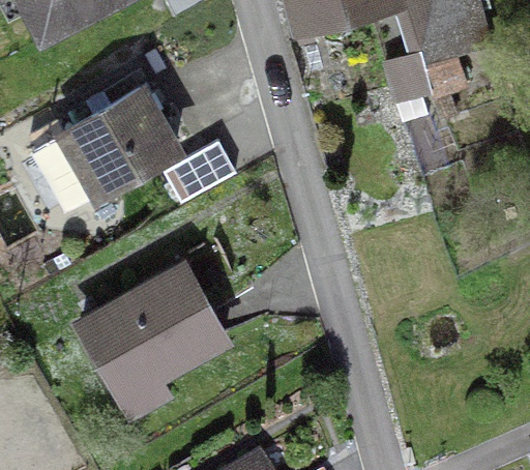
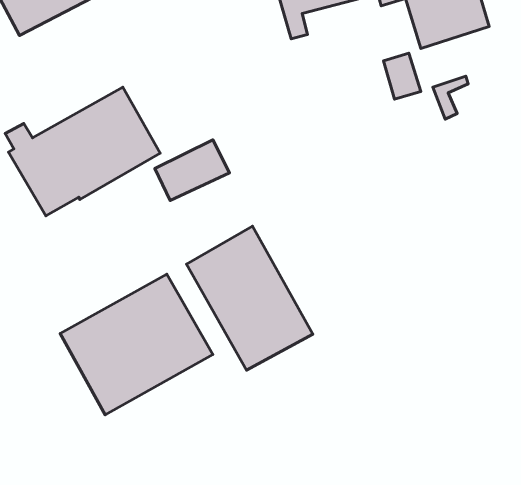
building: none -> [186,226,313,370]

